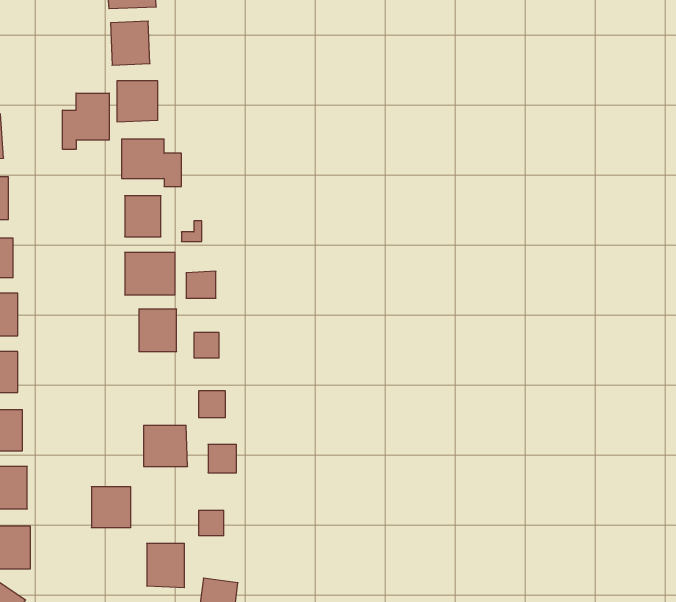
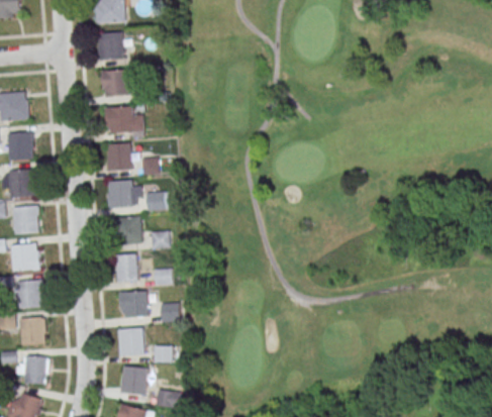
building: [63,93,109,149] -> none
building: none -> [116,254,137,281]
building: [91,487,131,528] -> [117,328,142,354]

